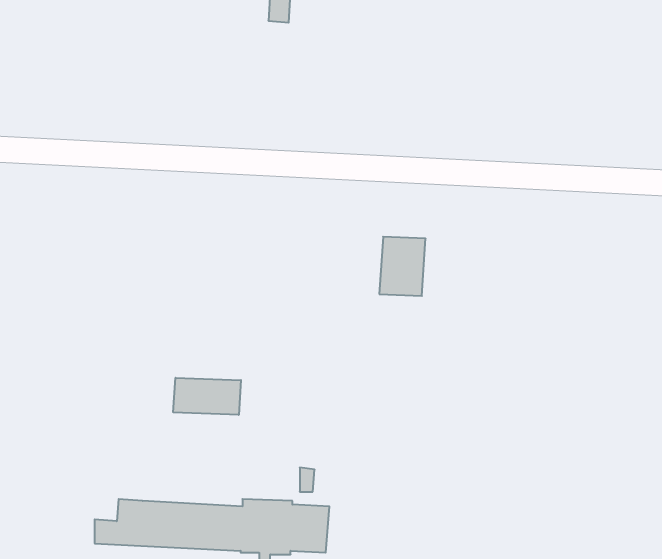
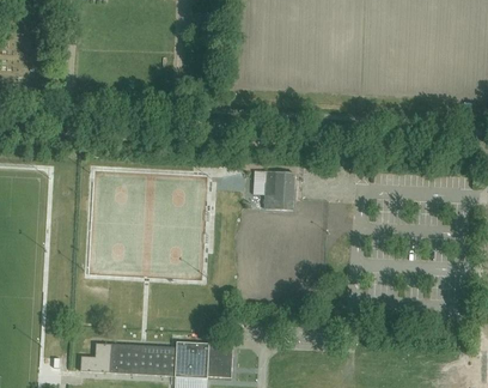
building: [173,378,241,415] -> none

